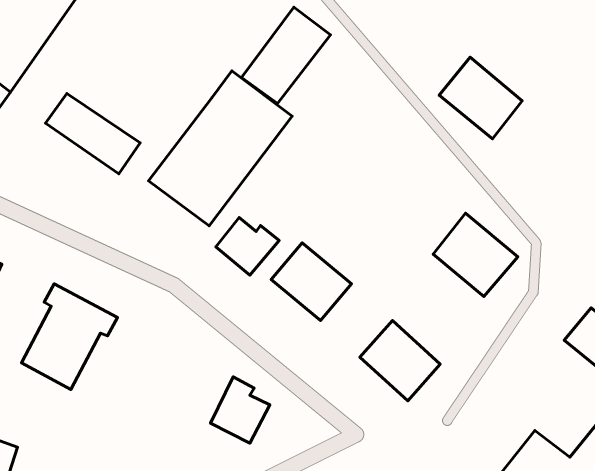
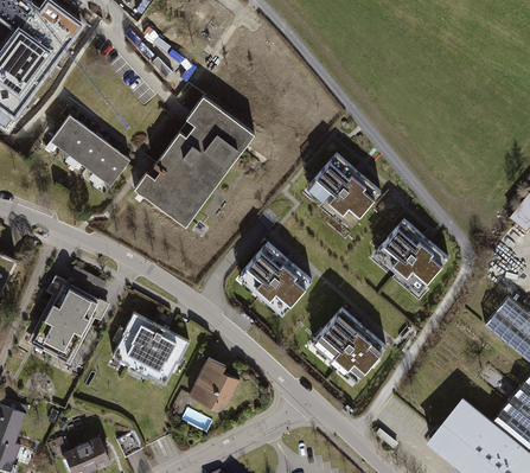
building: [242,7,330,104] -> none
building: [439,57,522,139] -> [313,149,383,218]
building: [216,217,279,275] -> none
building: none -> [111,312,187,382]

